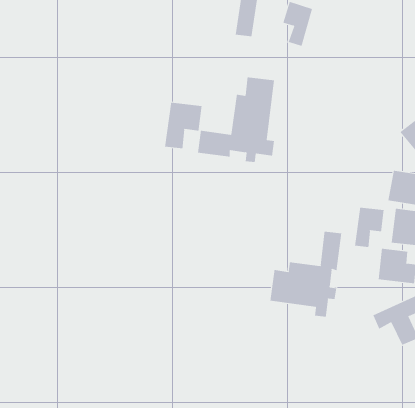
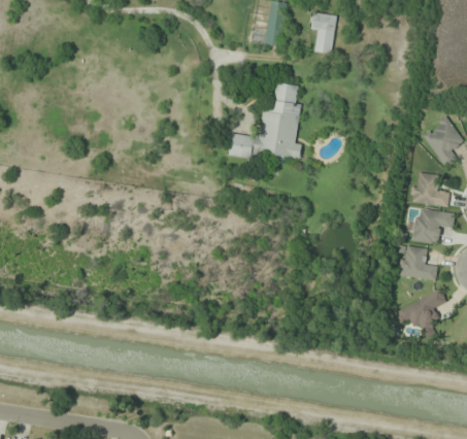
building: [164,102,202,149] -> none
building: [355,207,384,248] -> none
building: [270,231,342,317] -> none

